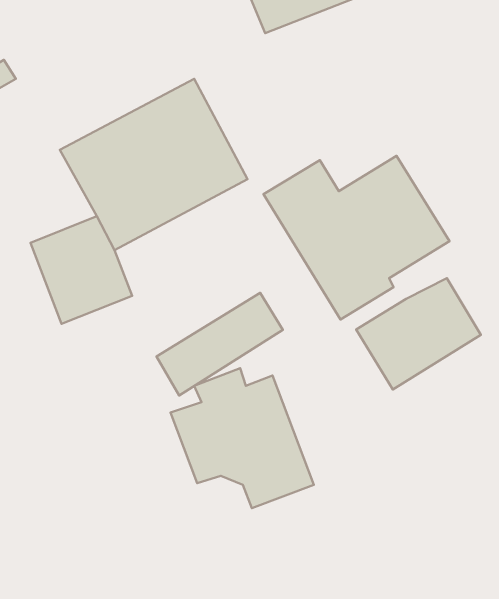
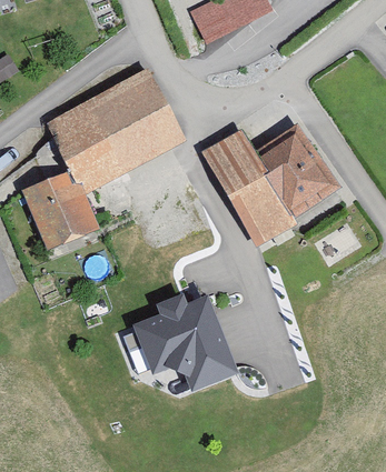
building: [356,278,481,390] -> none
building: [156,293,283,395] -> none

